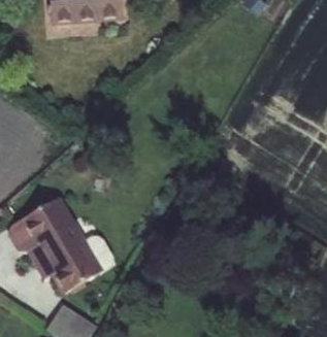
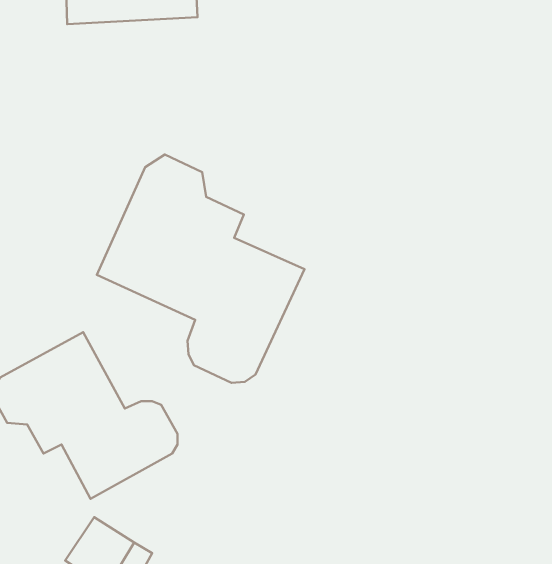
building: none -> [97,155,304,383]

